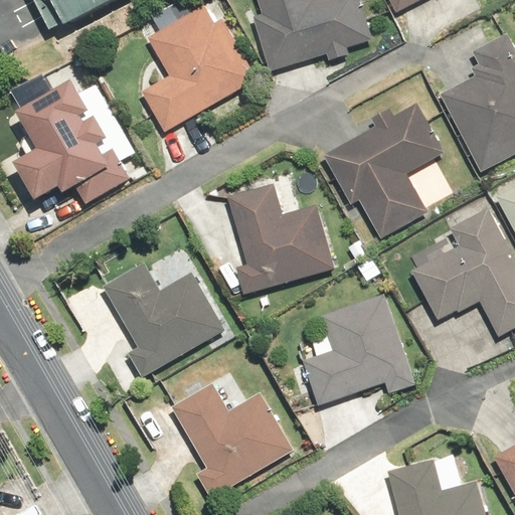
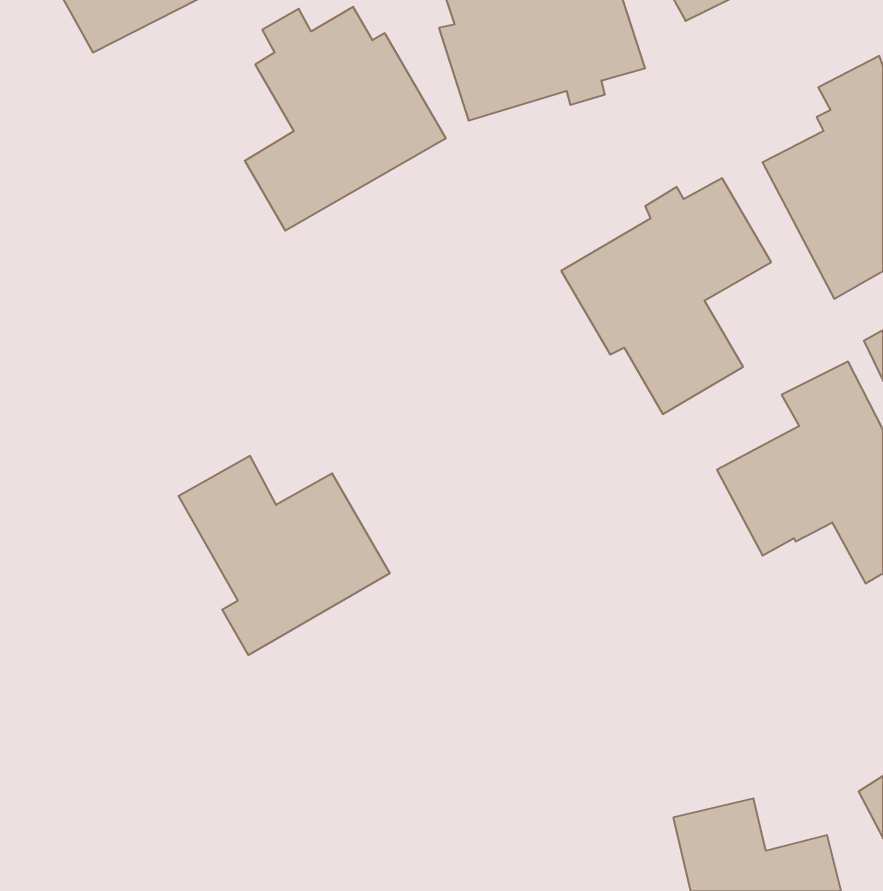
building: [18,79,131,203] -> none
building: [227,184,334,295] -> none
building: [302,295,414,405] -> none
building: [172,382,294,497] -> none

